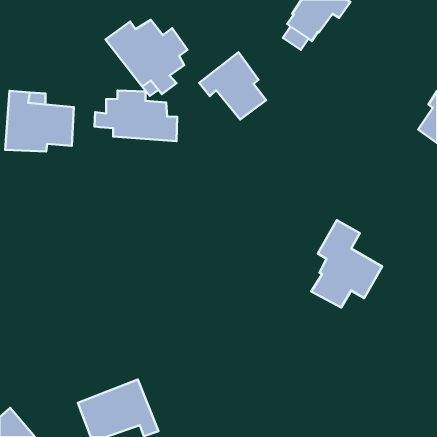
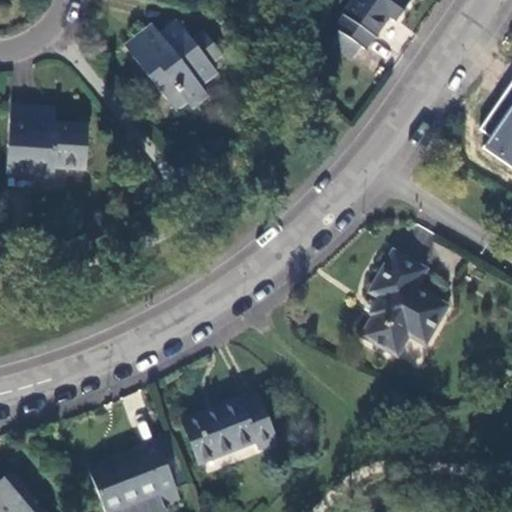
building: [199,52,266,119] -> none
building: [94,90,177,141] -> none
building: none -> [184,395,275,464]

